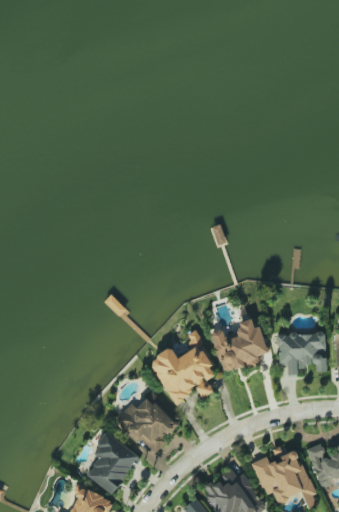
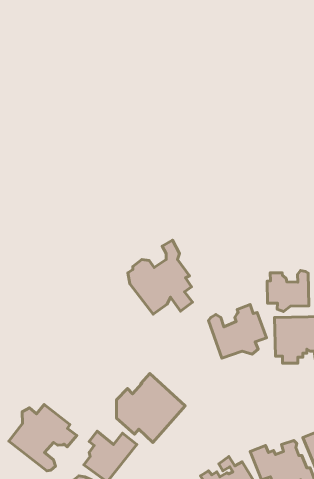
building: none -> [267,271,309,311]
building: [152,329,216,402] -> [128,240,193,314]
building: none -> [9,404,77,471]

